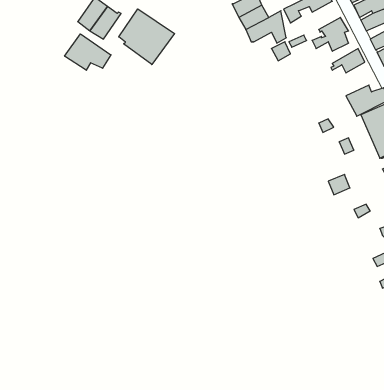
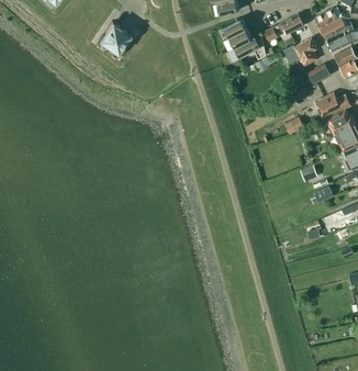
building: [119,9,175,65] -> none
building: [65,34,111,70] -> none

